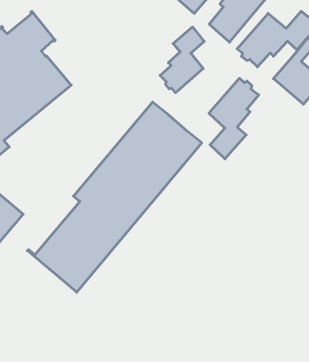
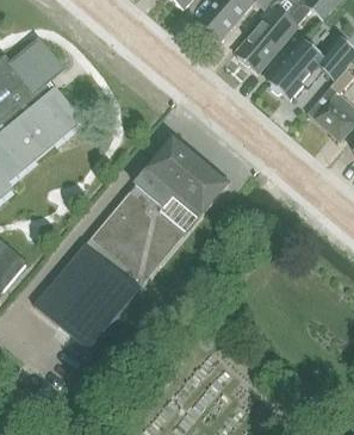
building: [160,27,204,93] -> none
building: [209,78,259,159] -> none

